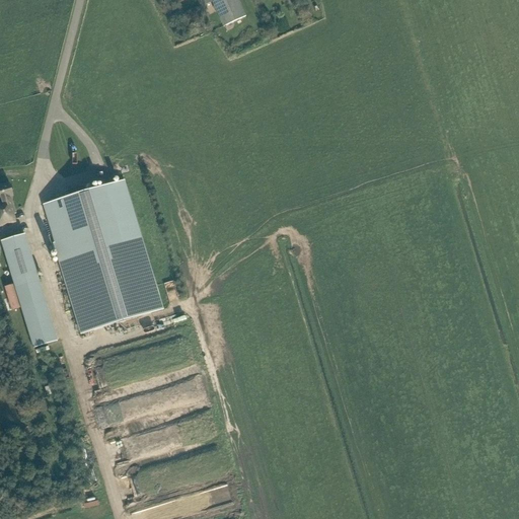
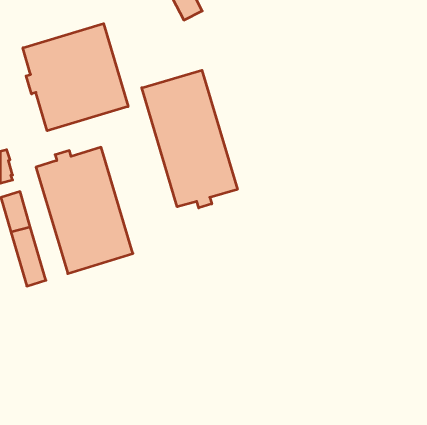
building: none -> [23,24,128,131]
building: none -> [142,70,237,208]

